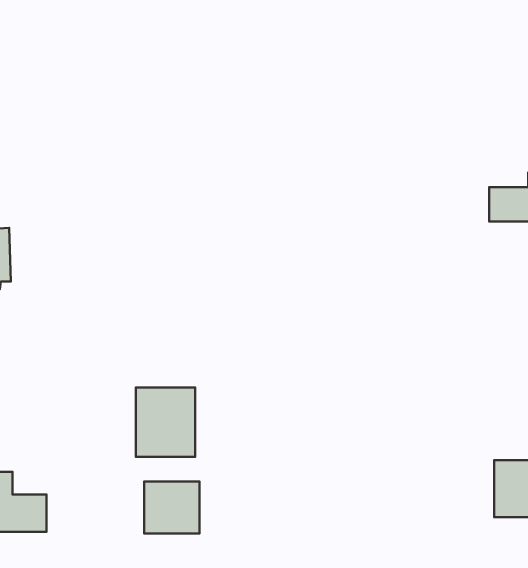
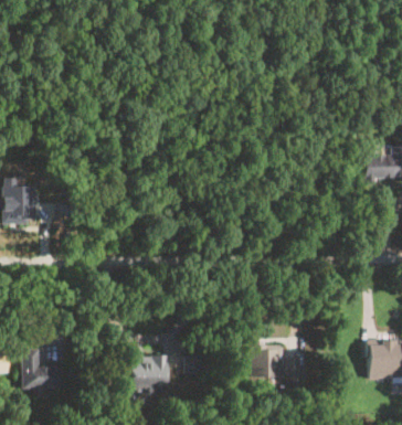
building: [136,387,195,457] -> none
building: none -> [251,343,300,383]

